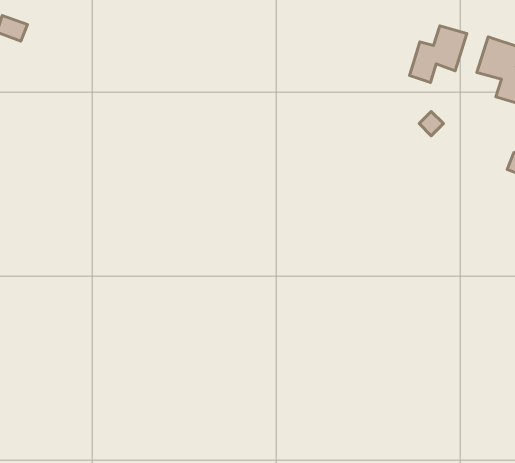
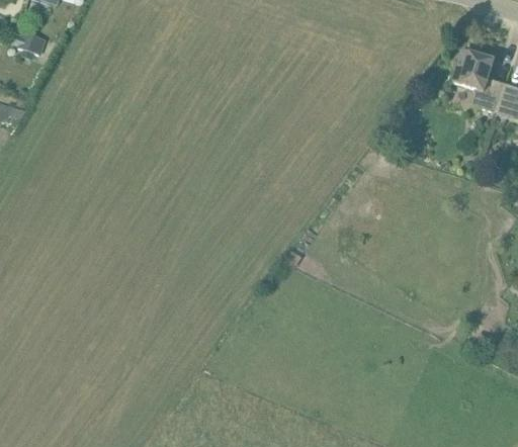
building: [409,26,467,83] -> none

